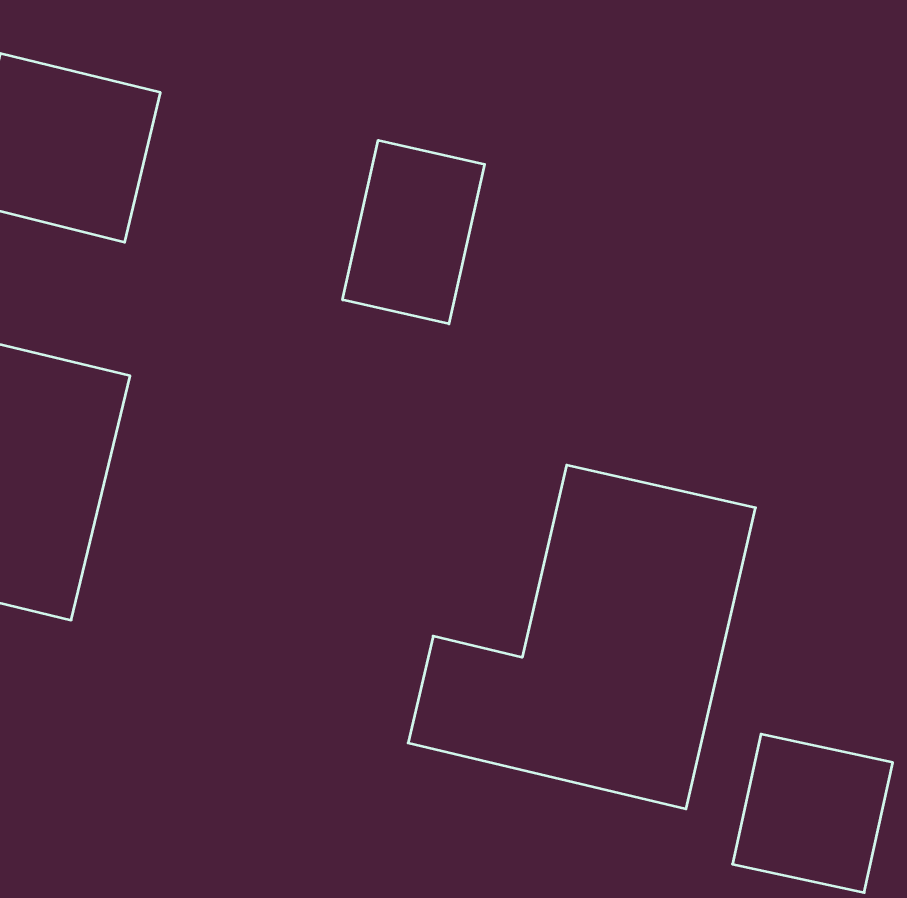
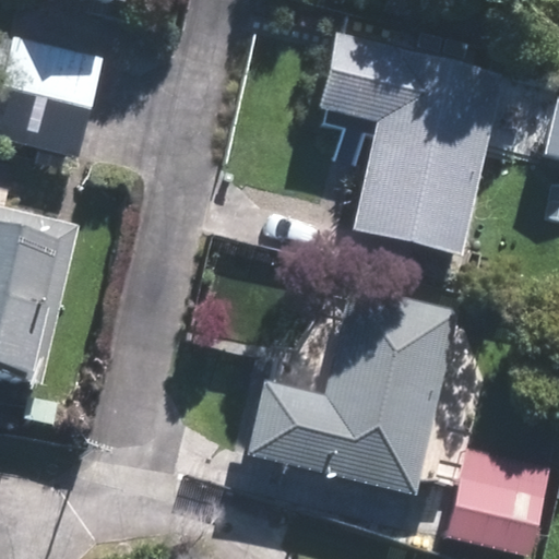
building: none -> [316,48,496,251]
building: [343,140,485,324] -> none

